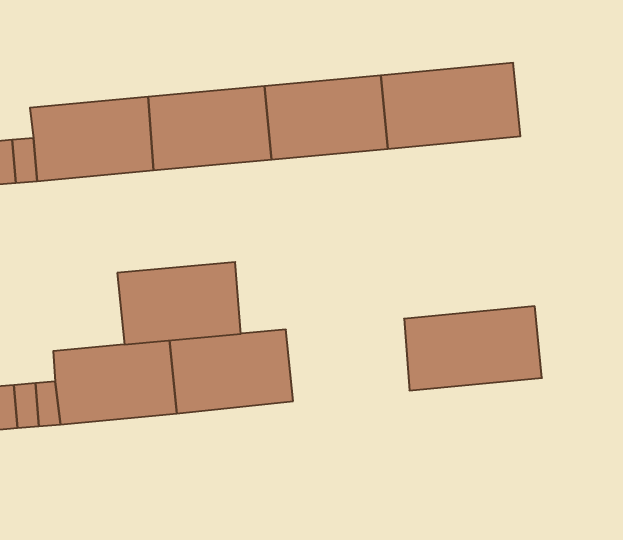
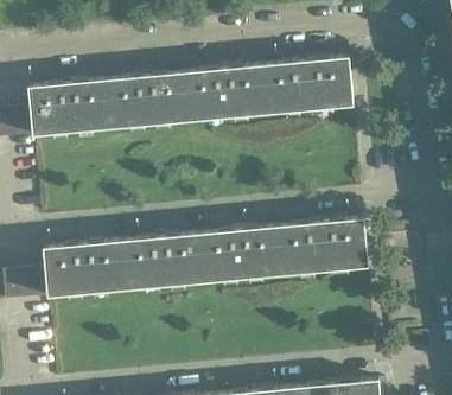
building: [117,262,241,344] -> [197,228,279,282]

